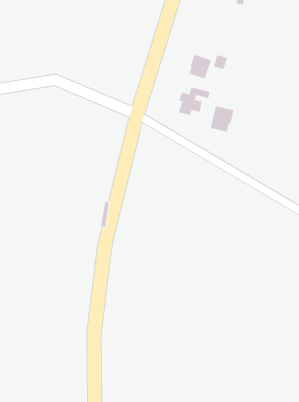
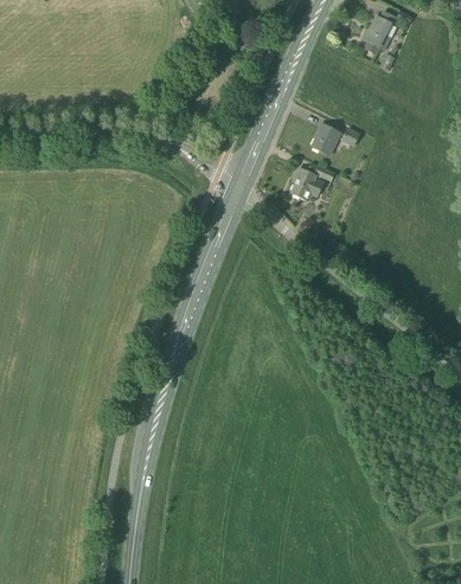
building: [210,105,234,133] -> none

